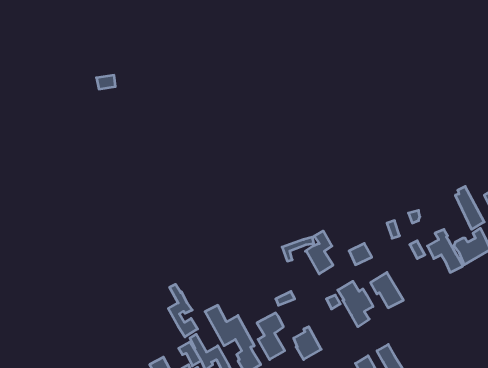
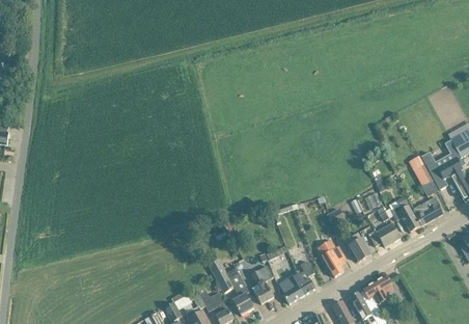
building: [305,231,333,274] -> [293,260,315,295]
building: none -> [368,223,401,246]
building: [168,284,198,337] -> none
building: none -> [363,275,394,303]

